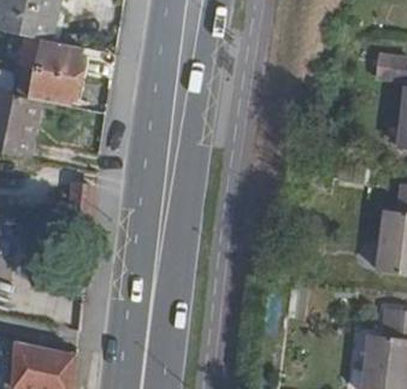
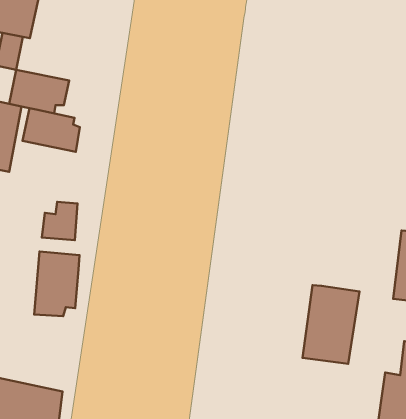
building: [39,39,89,77] -> [23,108,80,152]
building: none -> [34,252,79,316]
building: none -> [302,285,359,364]

